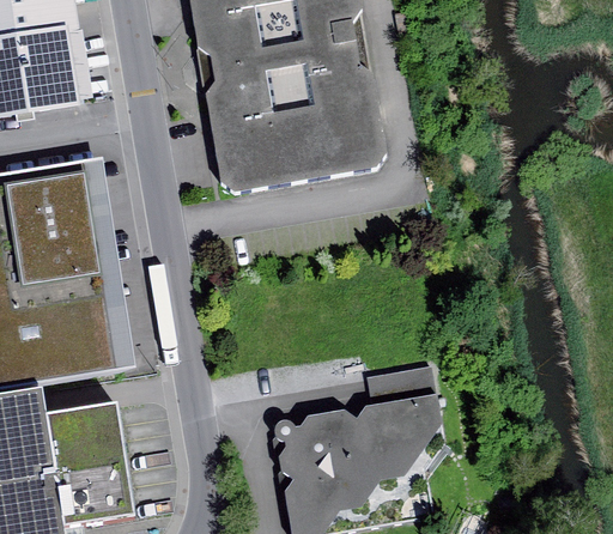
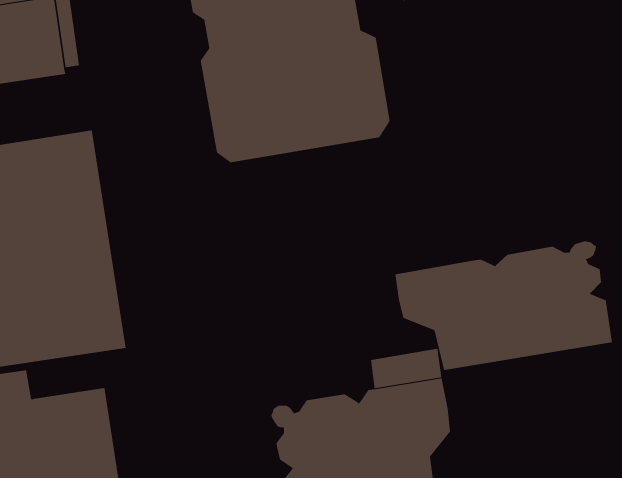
building: none -> [395,241,612,371]

